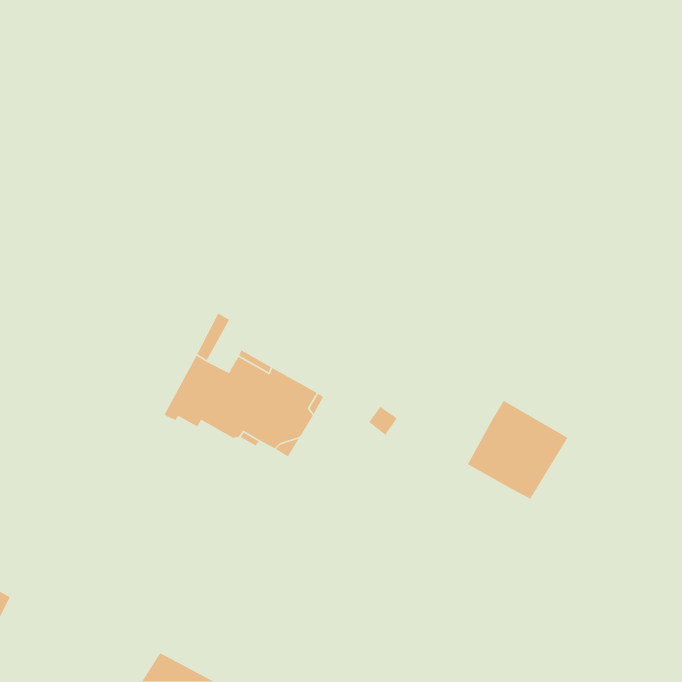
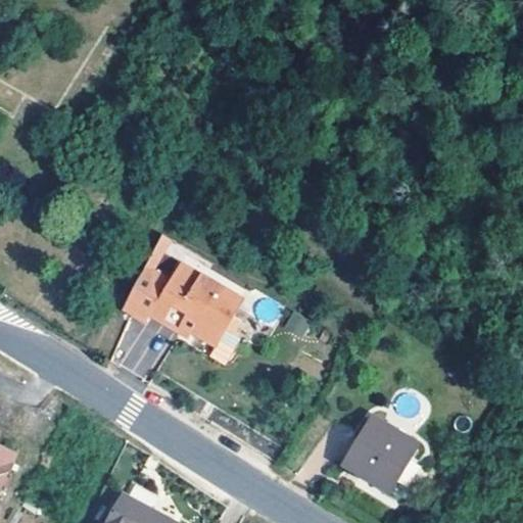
building: [467,400,568,500] -> [340,414,417,489]

